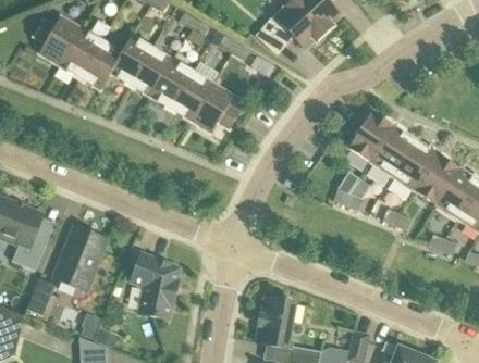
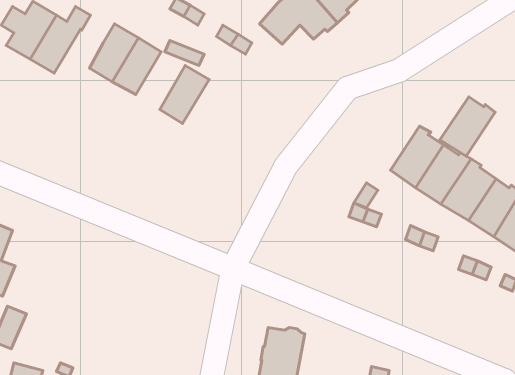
building: [79,39,122,89] -> none
building: [150,59,193,109] -> none
building: [191,83,238,133] -> none
building: [347,110,395,161] -> [440,97,495,156]
building: [53,225,107,290] -> none
building: [131,252,180,318] -> none

